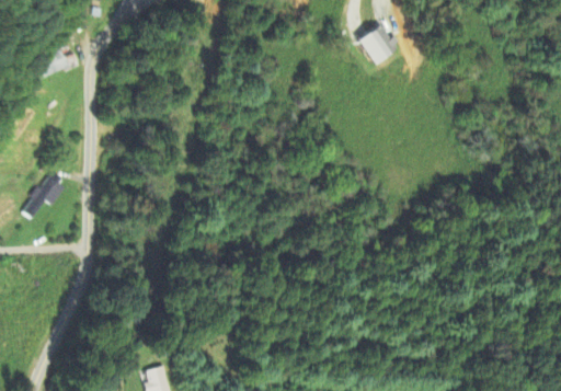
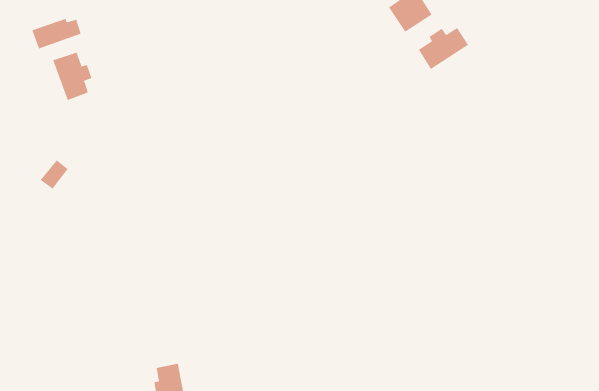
building: none -> [418,27,469,70]
building: none -> [53,52,92,101]

